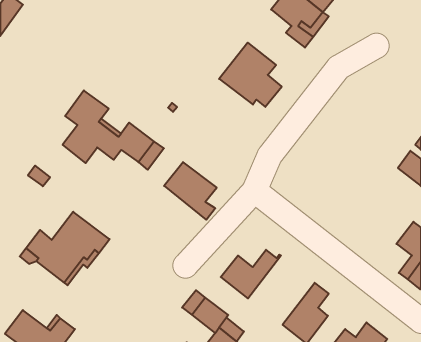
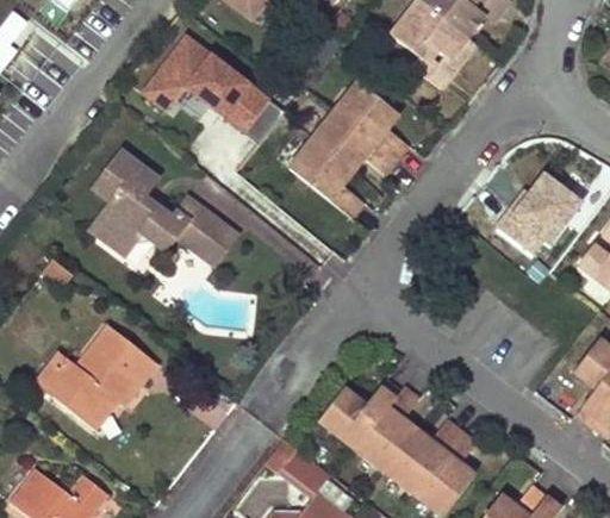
building: none -> [141,38,273,137]
building: none -> [492,170,583,263]
building: [164,162,217,220] -> [290,133,366,217]
building: none -> [359,388,455,488]

